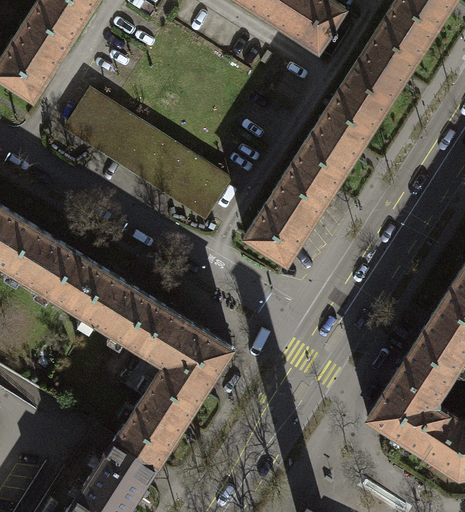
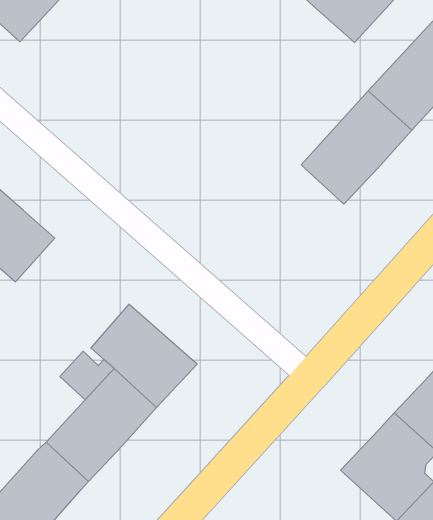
building: [65,91,228,216] -> none
building: [243,164,332,264] -> none
building: [64,263,164,351] -> none

